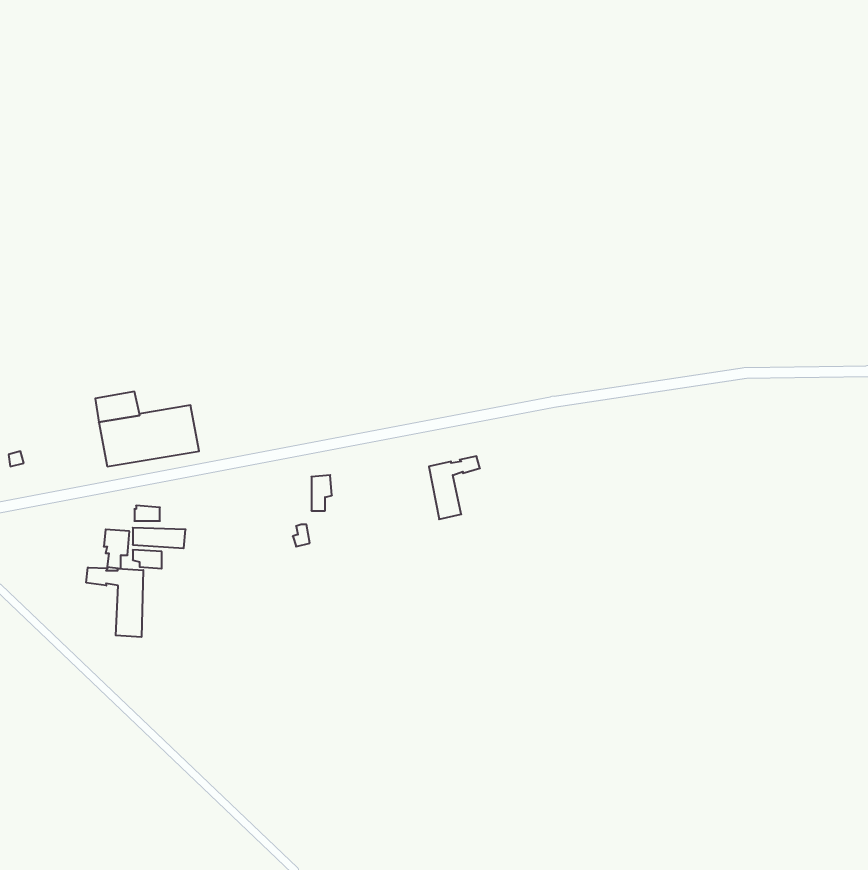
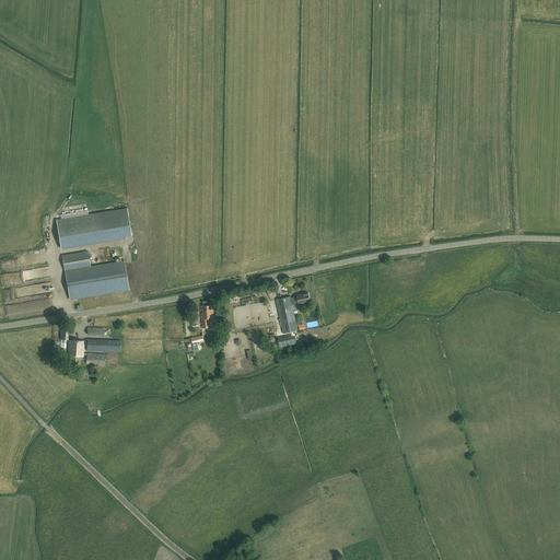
building: none -> [55,208,130,245]
building: [86,567,143,637] -> none

